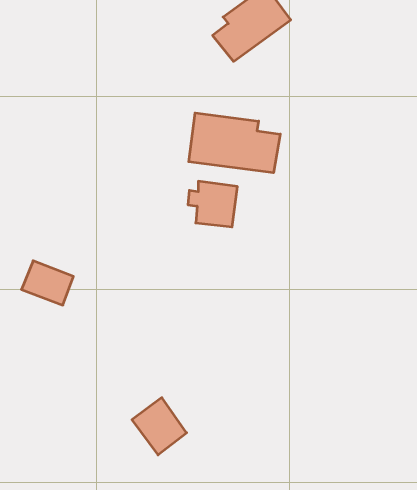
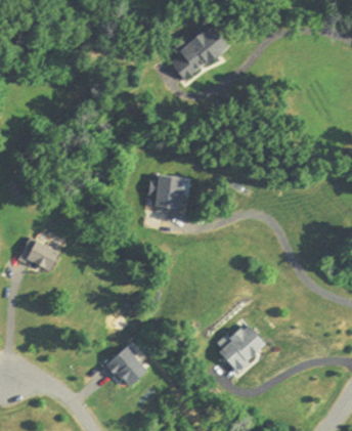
building: [189,113,280,173] -> none
building: none -> [217,320,269,372]

